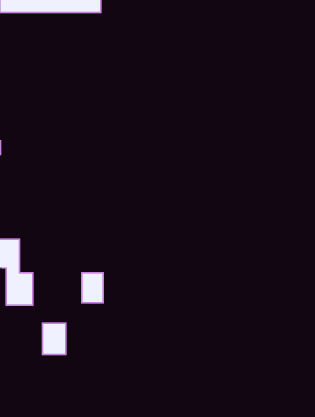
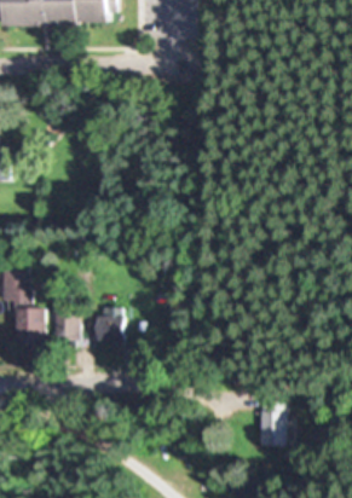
building: [42,323,66,354] -> [53,308,79,342]
building: none -> [260,393,285,446]

